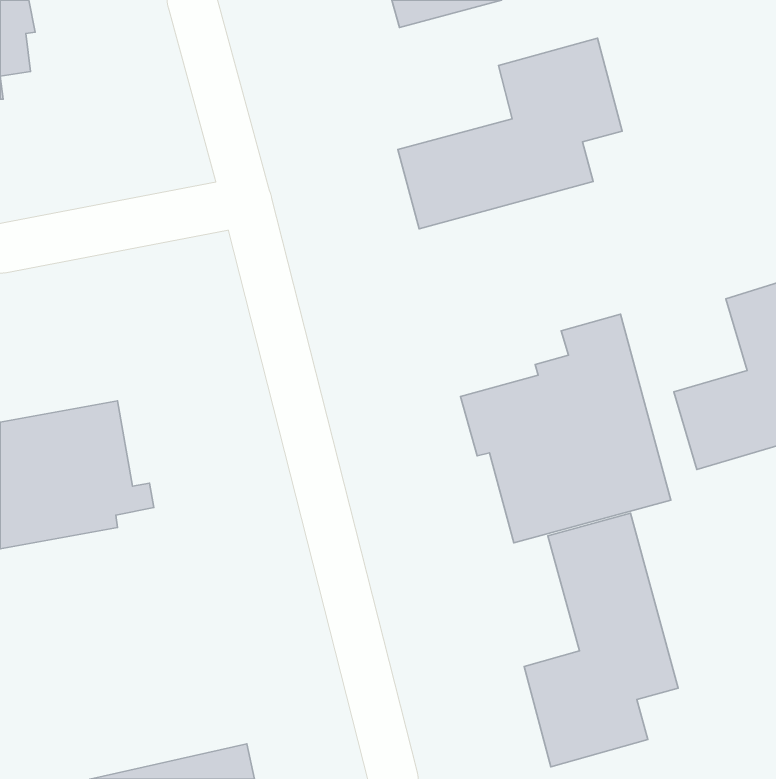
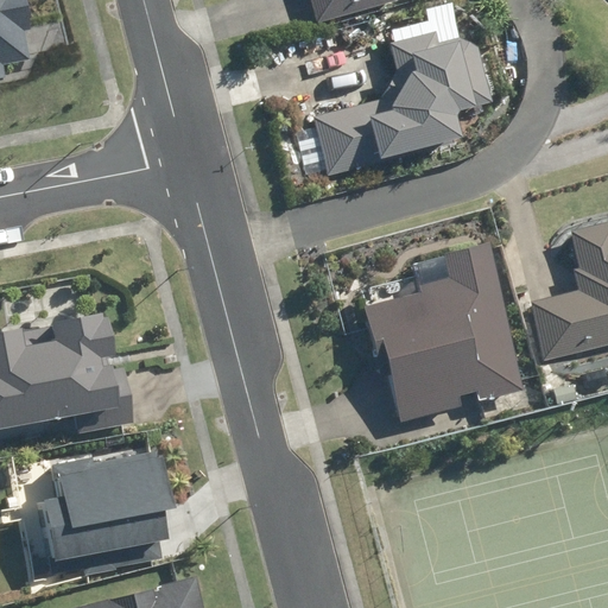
building: [524,513,678,767] -> none
building: none -> [10,445,170,596]

